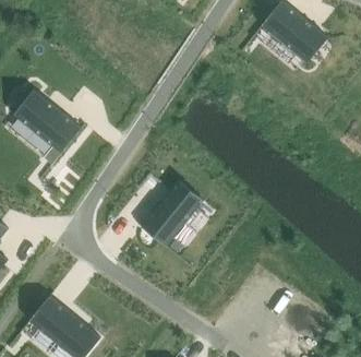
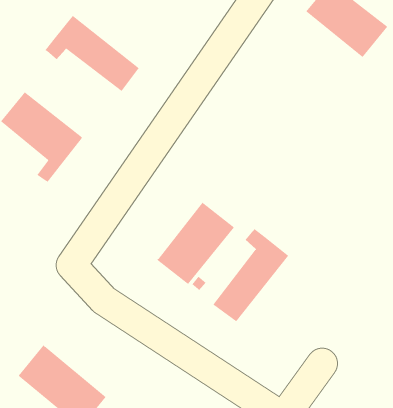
building: none -> [45,16,140,92]
building: none -> [213,228,288,322]

